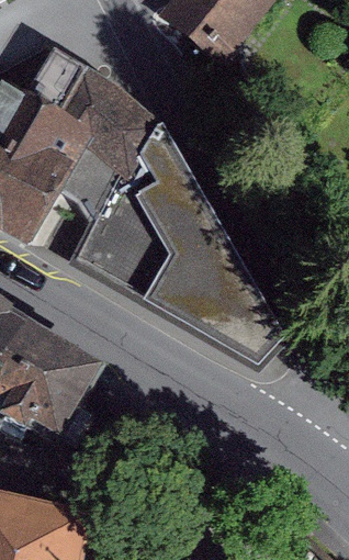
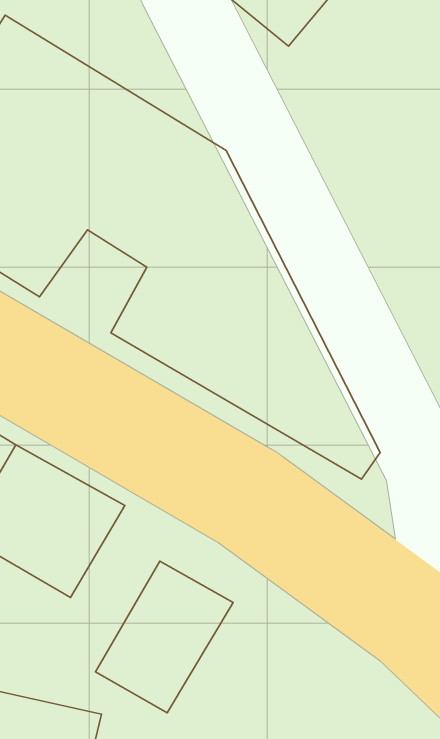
building: none -> [96,561,233,713]

